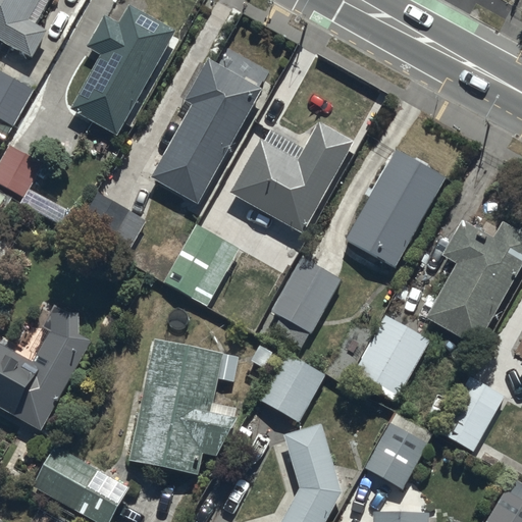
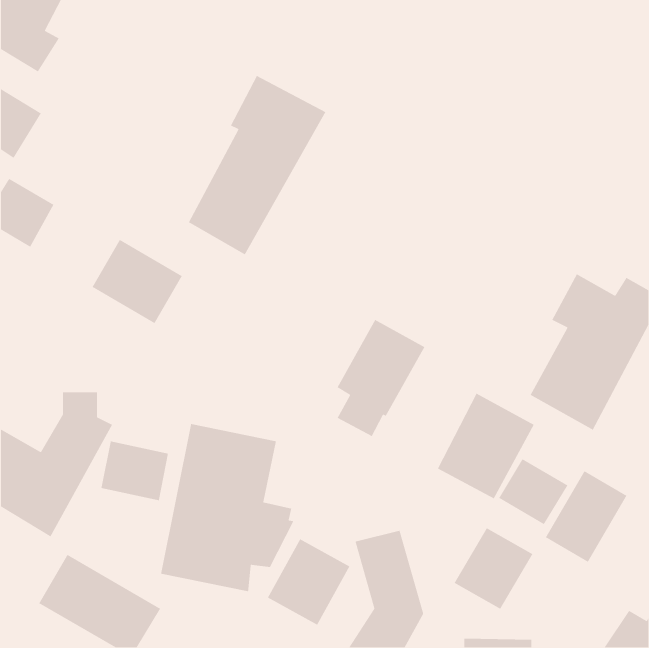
building: [69,5,175,137] -> none
building: [229,122,354,234] -> none
building: [345,149,446,267] -> none
building: [162,224,240,307] -> none
building: [257,352,324,422] -> [267,538,351,626]
building: none -> [100,441,169,501]
building: none -> [498,458,569,525]

